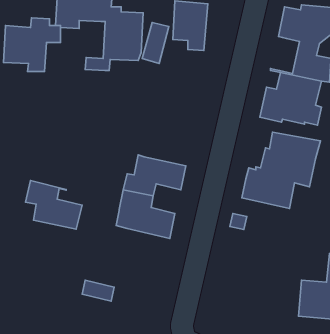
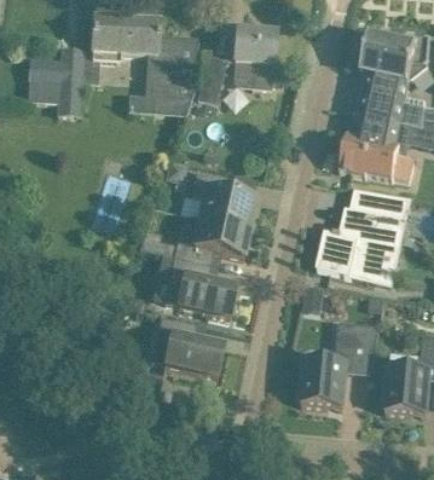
building: none -> [191,170,255,229]
building: [25,180,82,229] -> [155,316,224,375]
building: none -> [301,322,380,407]

